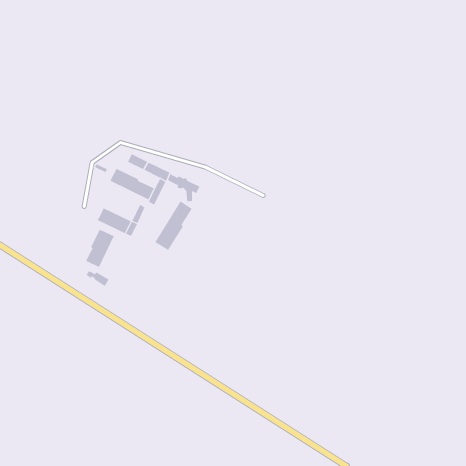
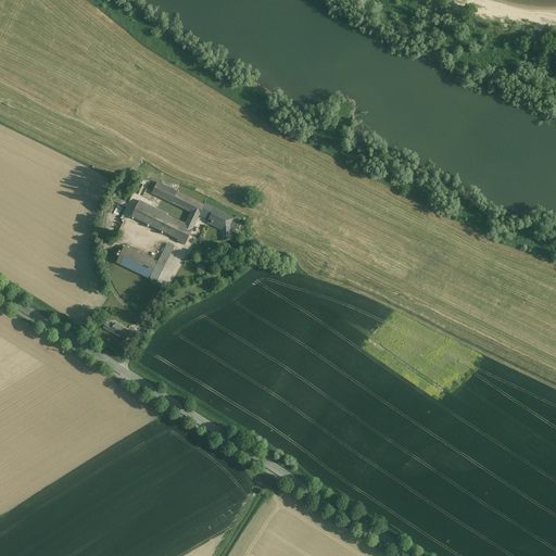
building: [155,201,193,251] -> none
building: [86,229,115,268] -> none

